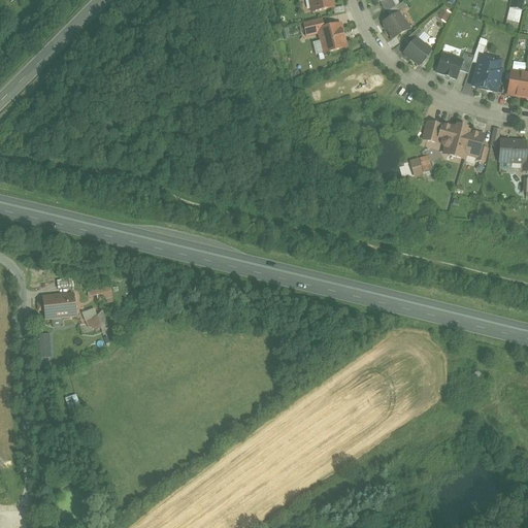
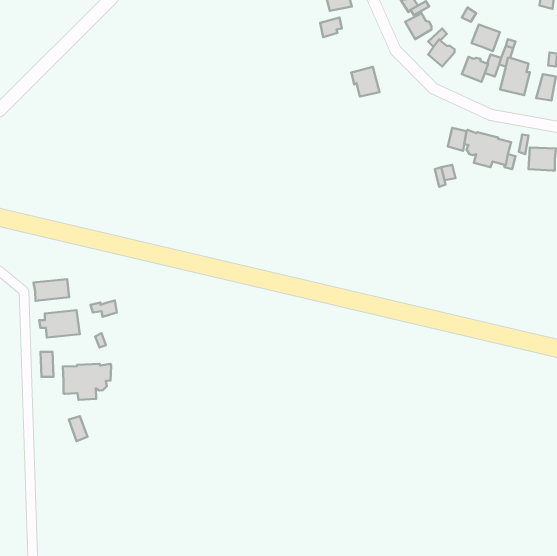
building: [318,23,344,51] -> [351,67,379,96]
building: none -> [472,24,500,51]
building: none -> [33,279,69,301]
building: none -> [63,364,111,400]

